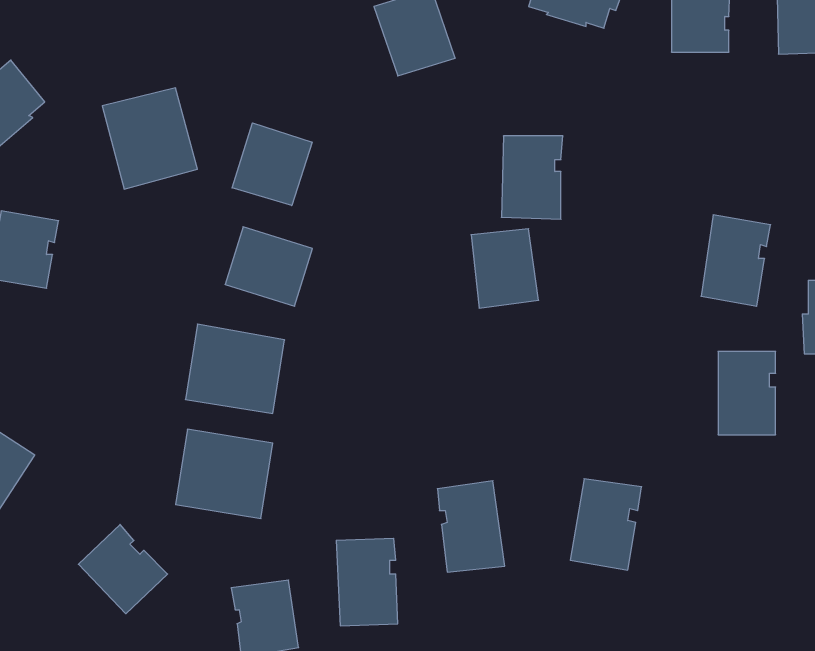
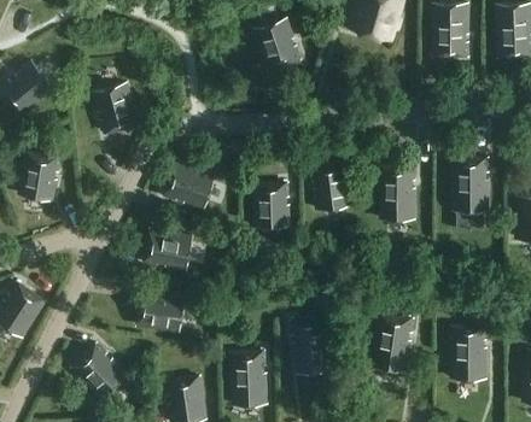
building: [232,123,312,206] -> none
building: [501,136,563,219] -> [379,168,416,218]
building: none -> [252,184,291,229]
building: [718,351,776,435] -> [453,328,488,379]

